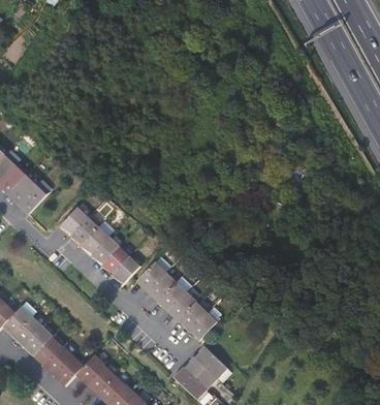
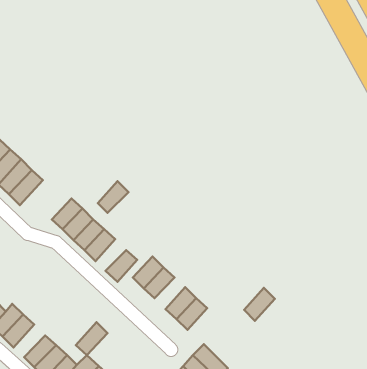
building: [101,246,130,276] -> [98,181,128,213]
building: [157,282,186,312] -> none
building: [188,311,217,342] -> [244,288,275,321]
building: [24,326,54,357] -> [76,322,108,355]

